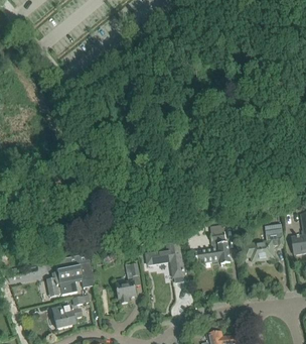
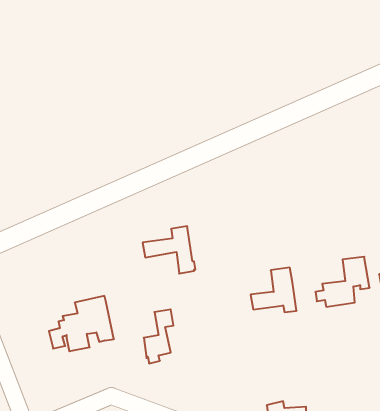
building: [145,241,184,276] -> [143,226,195,274]
building: [52,295,85,327] -> none

